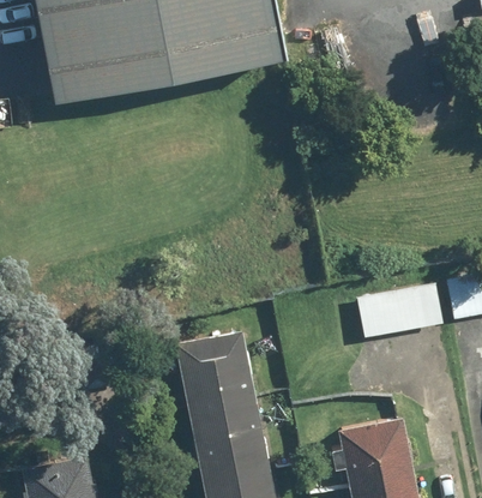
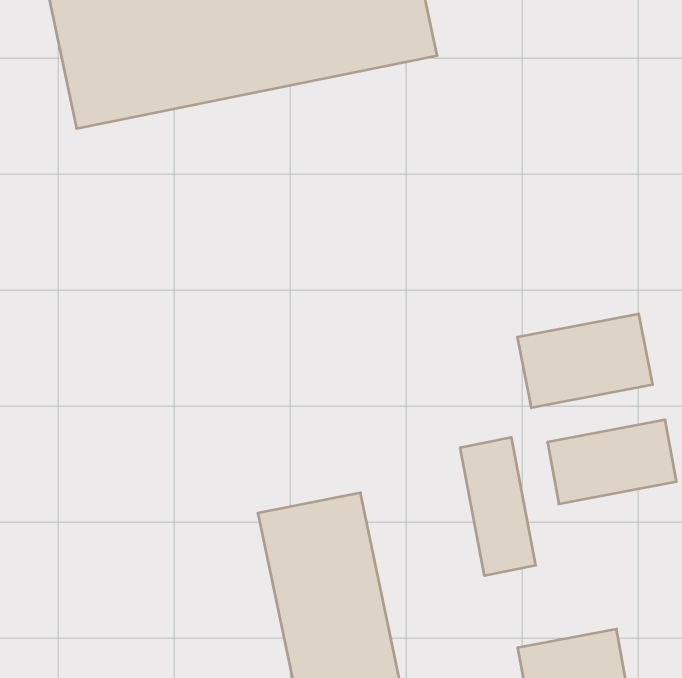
building: none -> [517,314,653,408]
building: none -> [460,437,536,576]

